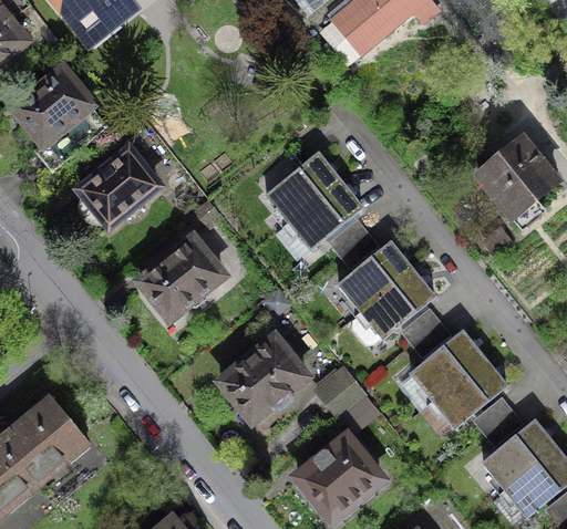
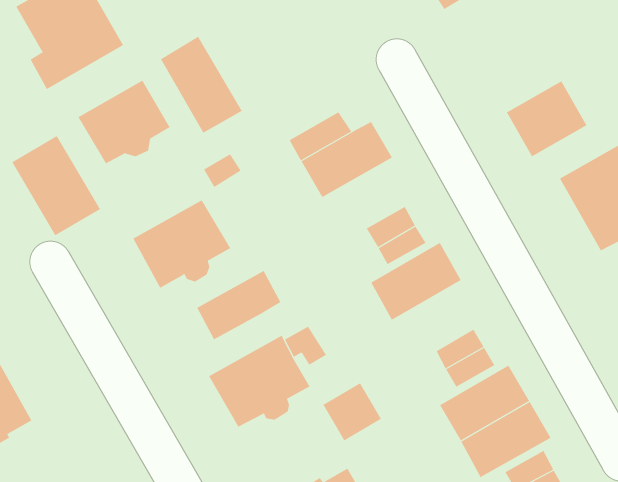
building: none -> [506,80,587,157]
building: none -> [160,36,243,134]
building: [287,178,361,247] -> none
building: none -> [11,135,101,236]
building: [360,268,433,336] -> none
building: none -> [196,270,281,340]

